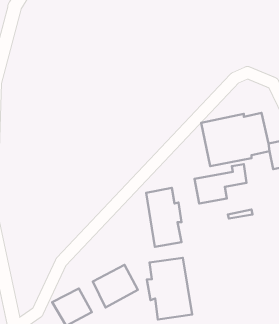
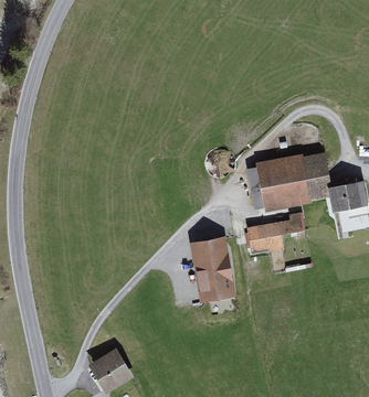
building: [147,258,192,319] -> none
building: [93,265,138,308] -> none

